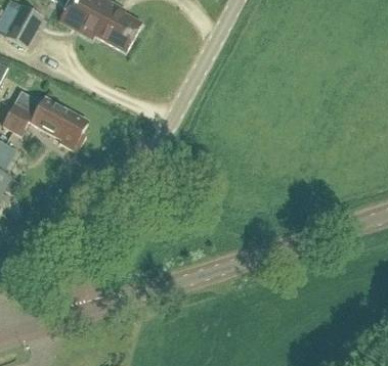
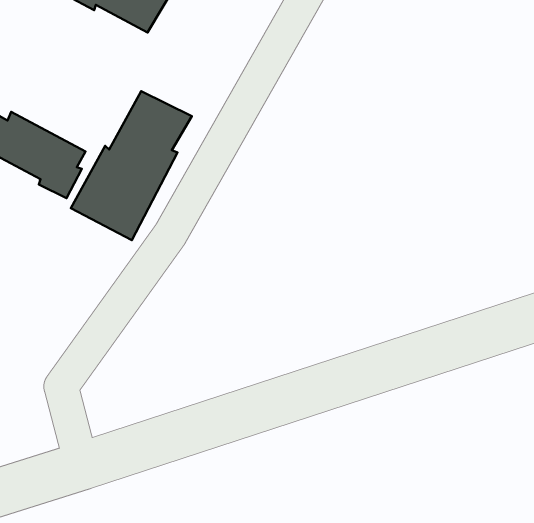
building: none -> [71,91,192,240]

